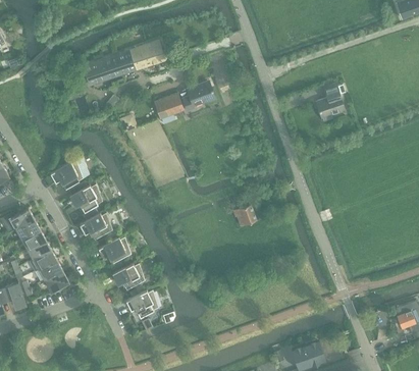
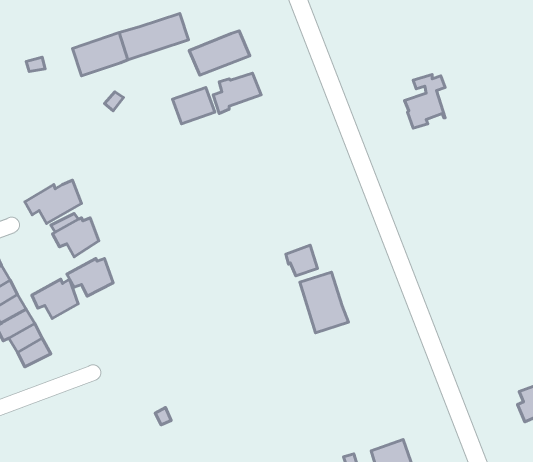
building: none -> [189,31,250,75]
building: none -> [300,272,348,333]
building: [98,236,130,264] -> [32,279,78,318]
building: [111,263,144,290] -> none
building: [125,289,158,317] -> none

